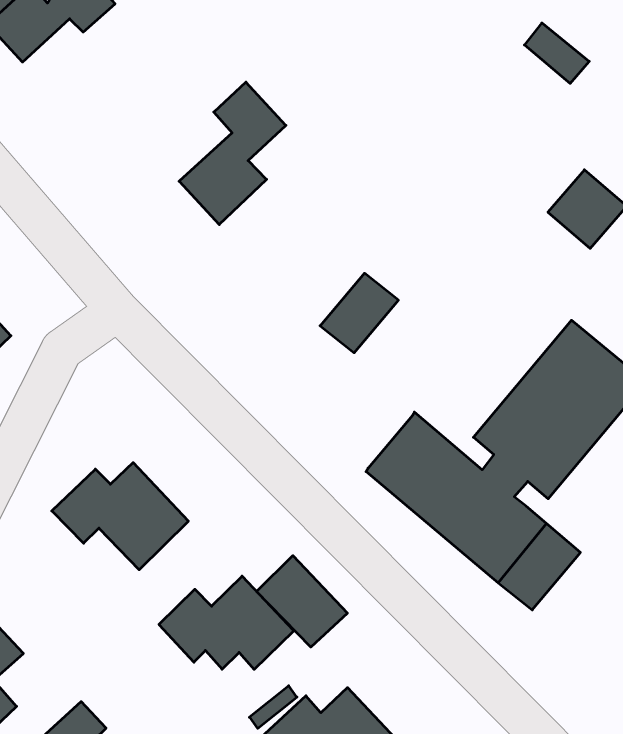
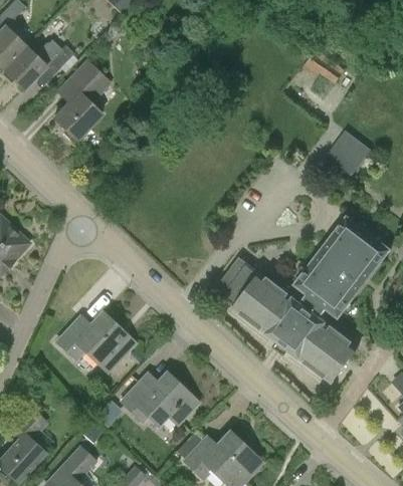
building: [179,82,286,225] -> [53,60,112,142]
building: [320,273,398,353] -> [214,262,257,307]
building: [257,556,347,647] -> none

